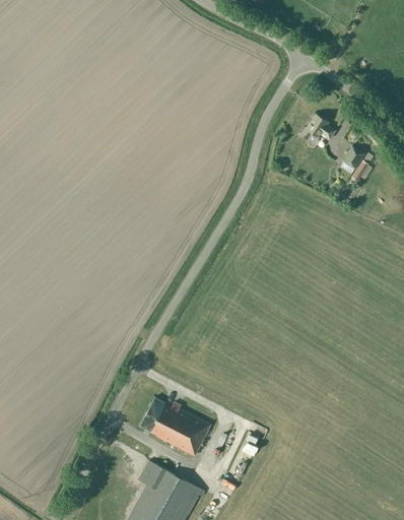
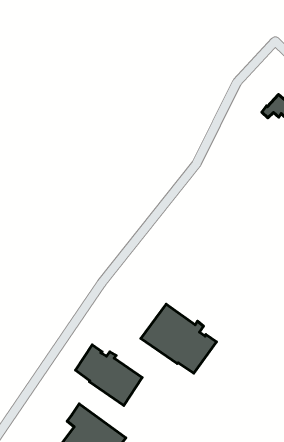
building: none -> [141,304,216,373]

